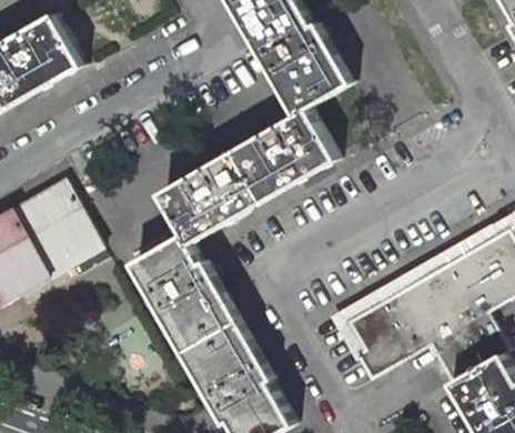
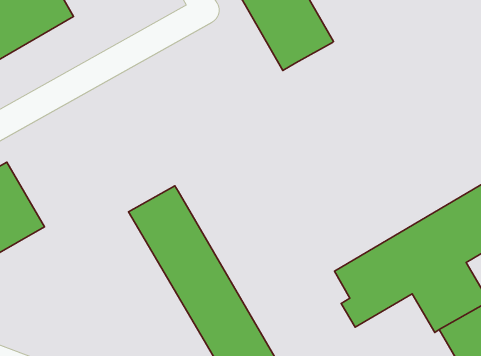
building: [159,108,334,240] -> none
building: [10,180,99,276] -> none

